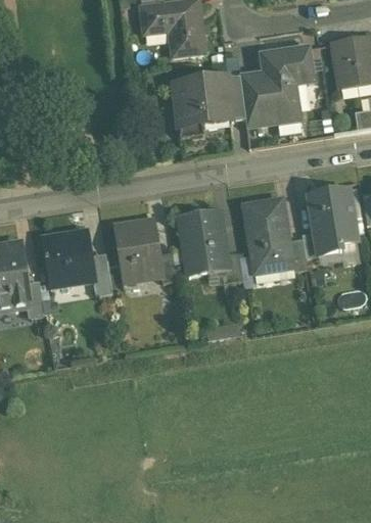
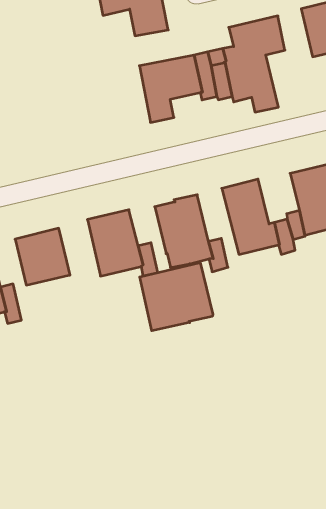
building: [91,258,111,294] -> none
building: none -> [140,263,213,331]

